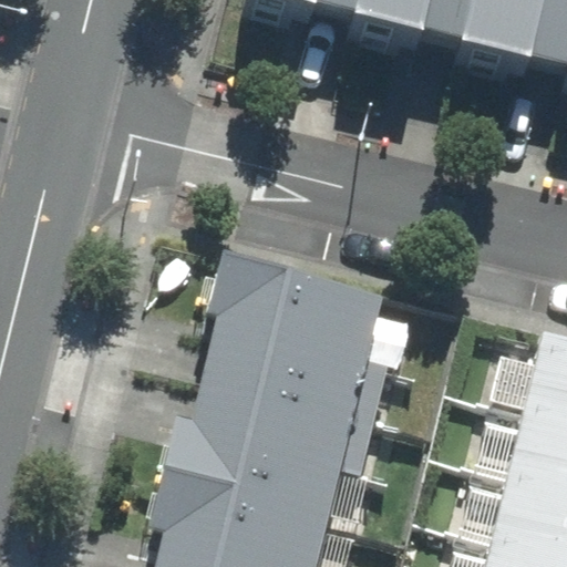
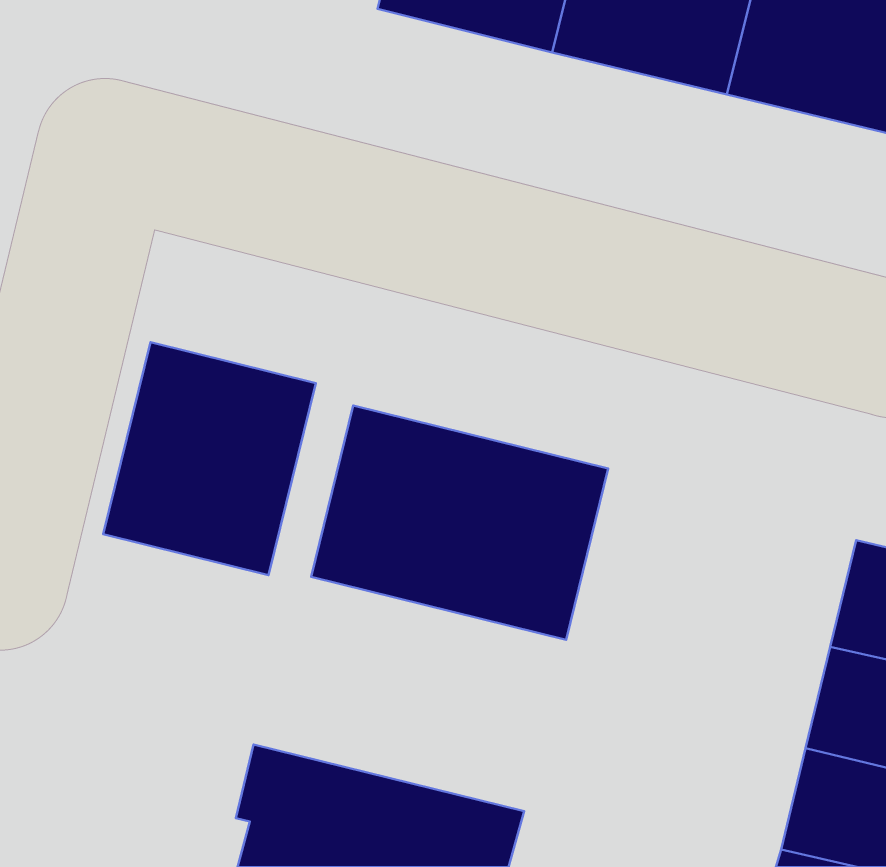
building: none -> [103,342,316,575]
building: [165,365,363,514] -> none

